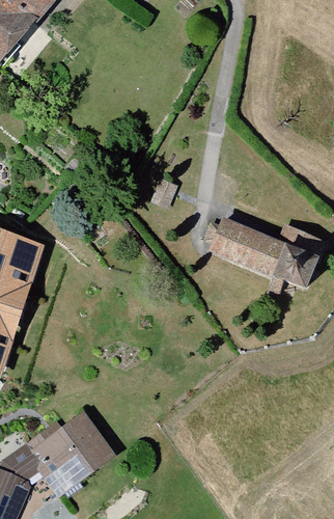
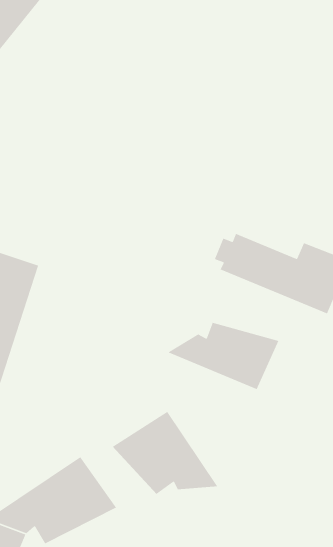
building: none -> [167,322,279,390]
building: none -> [112,411,218,495]

